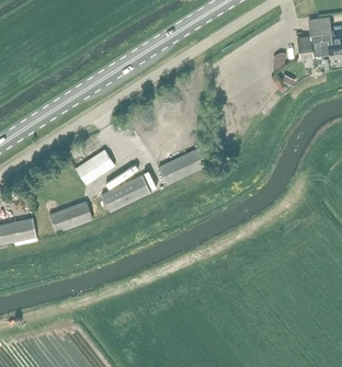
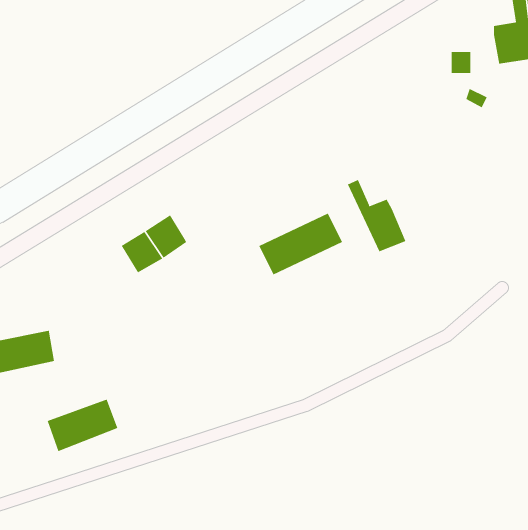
building: none -> [347,179,406,252]
building: [101,173,150,211] -> none
building: [48,200,91,232] -> [47,399,118,452]

